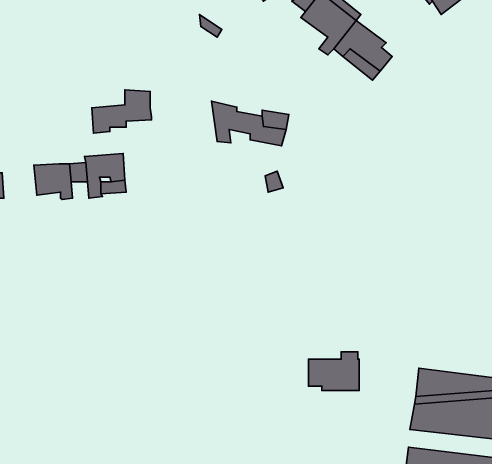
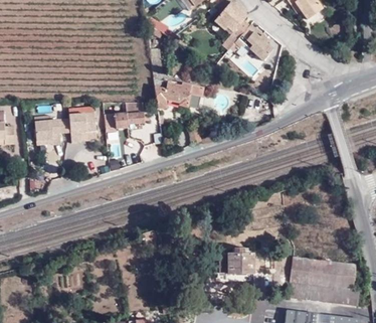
building: [92,90,152,133] -> [104,103,144,132]

